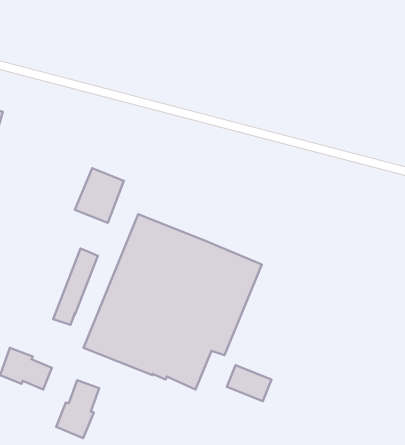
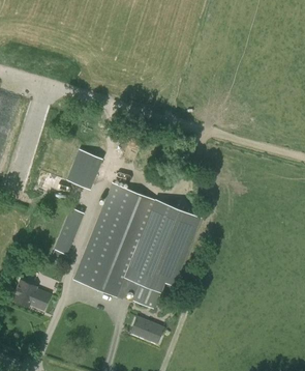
building: [227,365,271,401] -> [131,316,163,342]
building: [56,380,99,438] -> none

